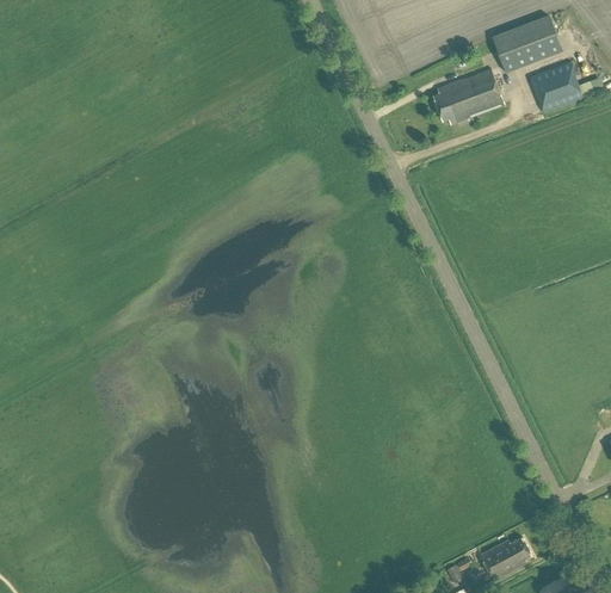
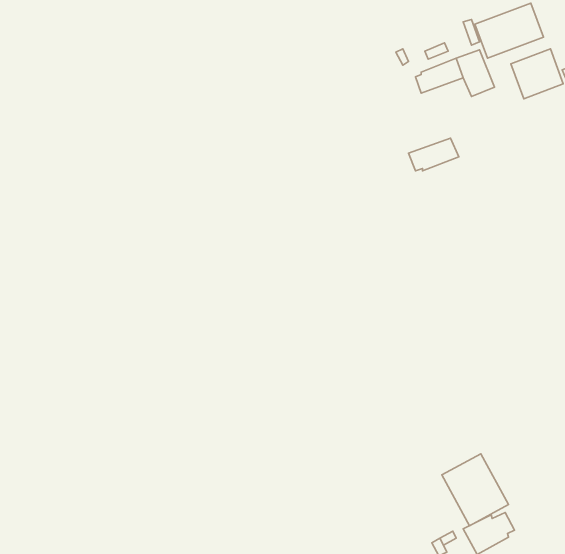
building: [437,92,488,125] -> [409,138,459,171]
building: none -> [442,454,508,526]

